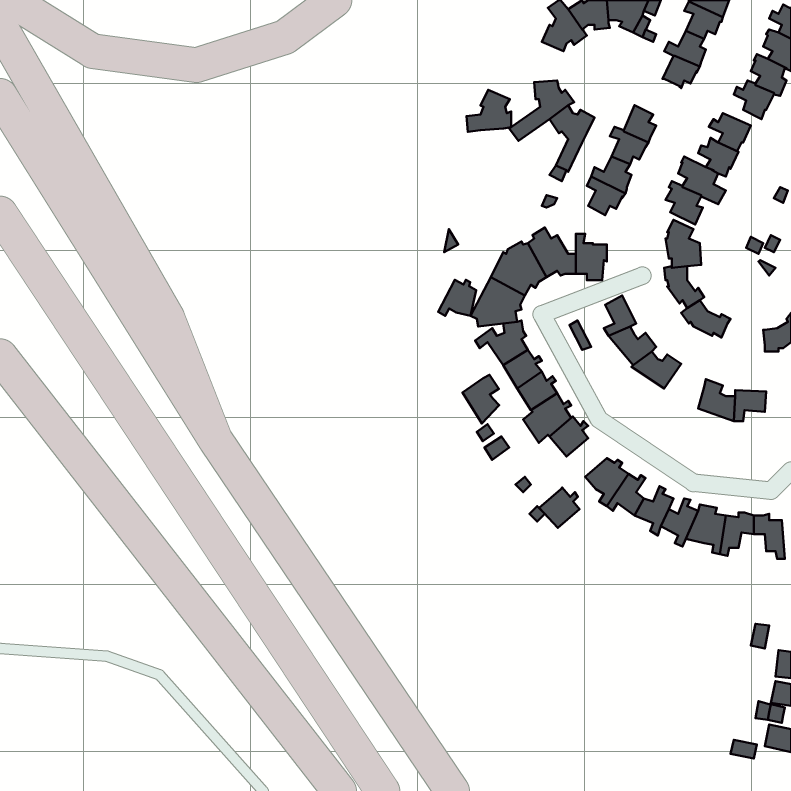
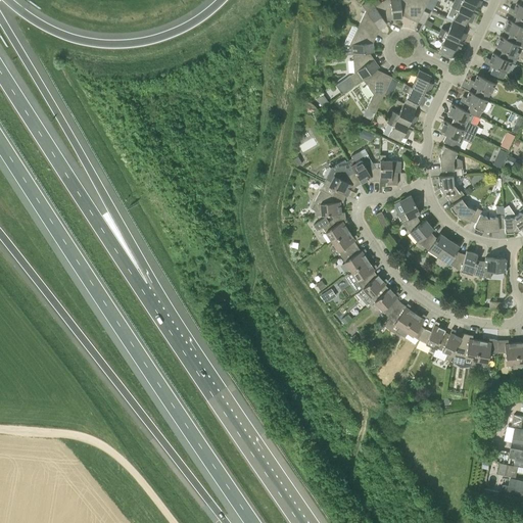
building: [466,90,511,132] -> [343,28,373,55]
building: [438,280,476,316] -> none
building: none -> [474,205,505,231]
building: none -> [438,240,465,271]
building: [463,375,499,423] -> none
building: [539,488,579,528] -> [374,288,400,315]

